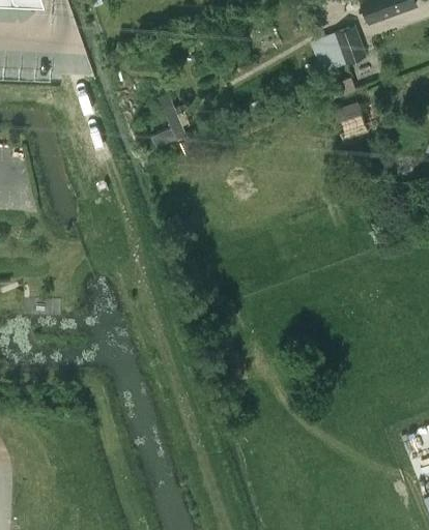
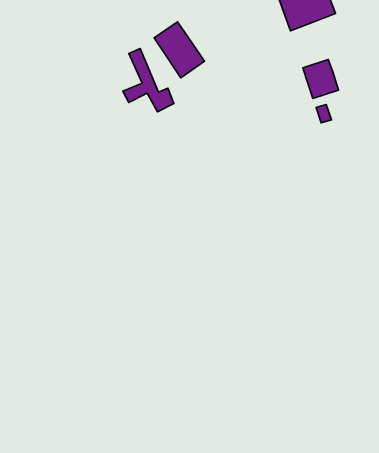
building: none -> [154,22,205,78]

